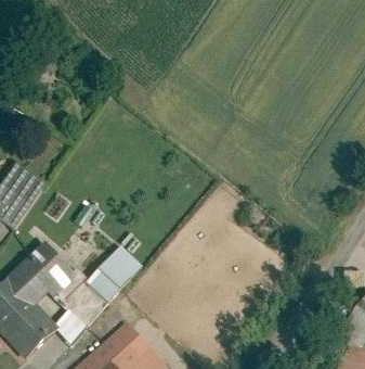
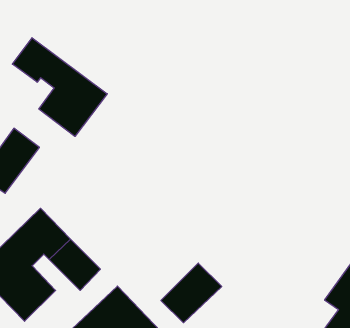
building: none -> [12,38,107,136]
building: [82,245,144,306] -> [161,263,222,323]

